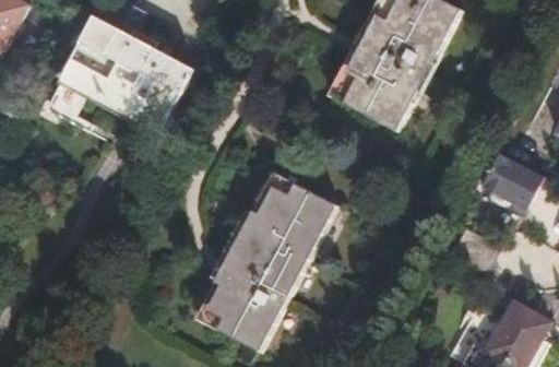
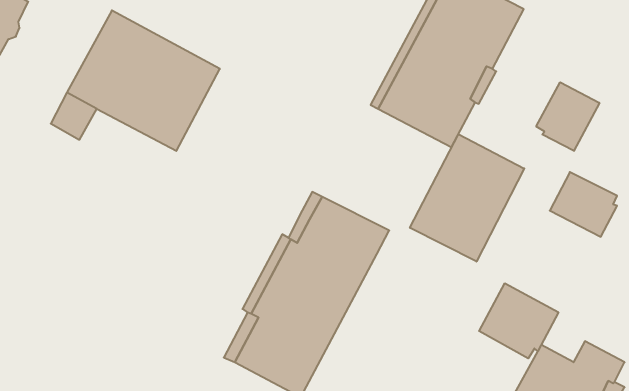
building: none -> [536,82,599,151]
building: none -> [410,134,524,262]
building: none -> [479,283,558,358]

